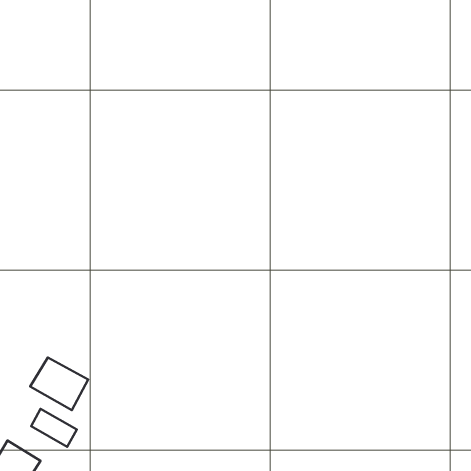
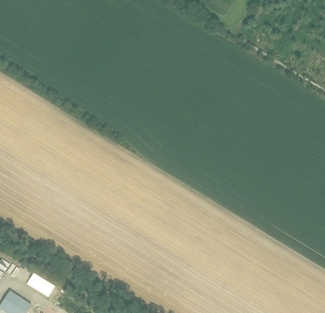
building: [30,358,88,410] -> none

